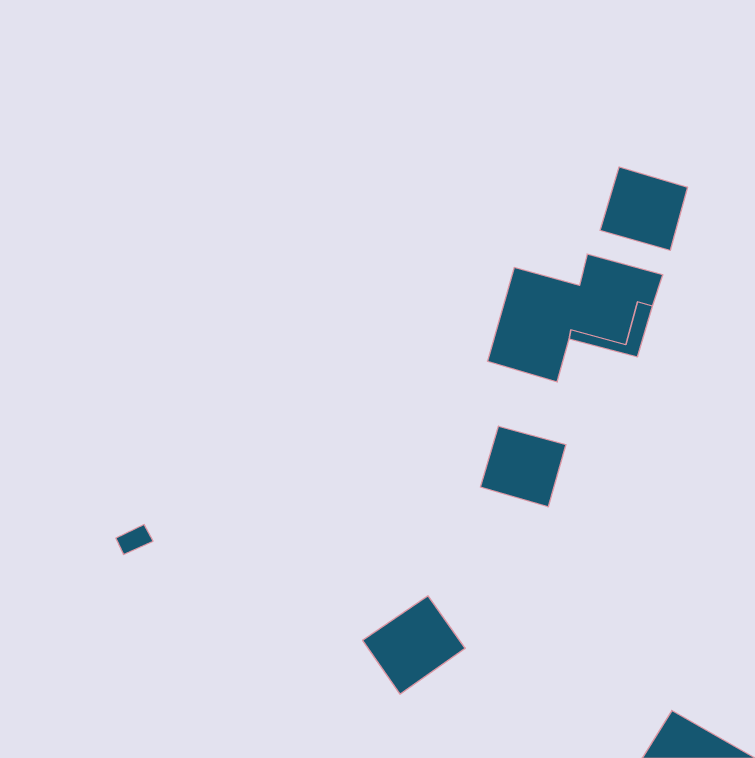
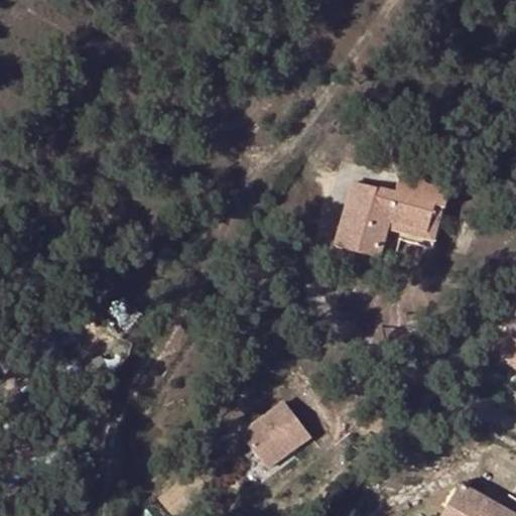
building: [600,167,687,250] -> none
building: [480,426,566,507] -> none

